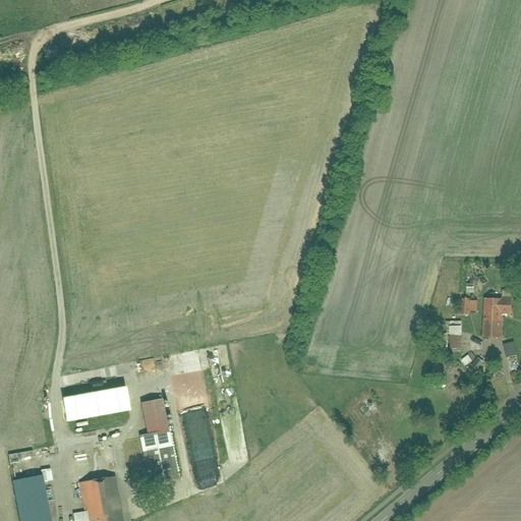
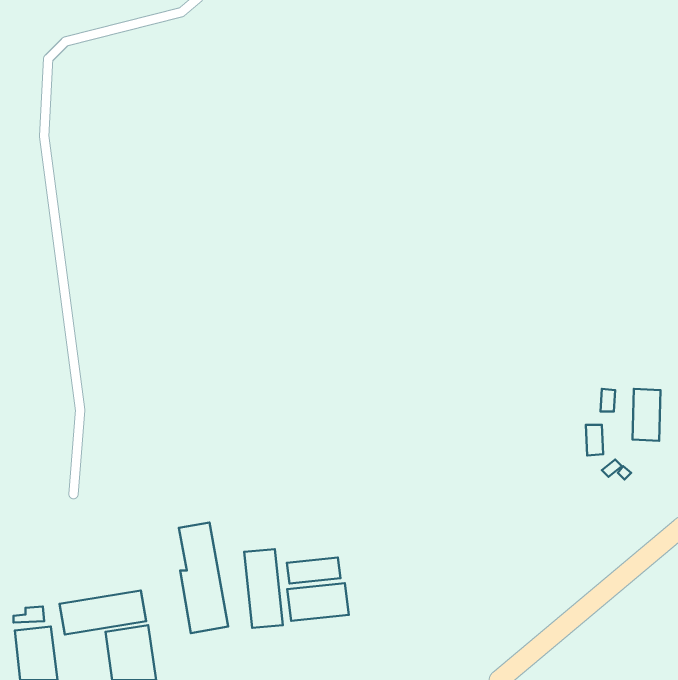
building: [63,387,129,420] -> [59,591,146,635]
building: none -> [287,558,341,583]
building: none -> [287,583,349,621]

